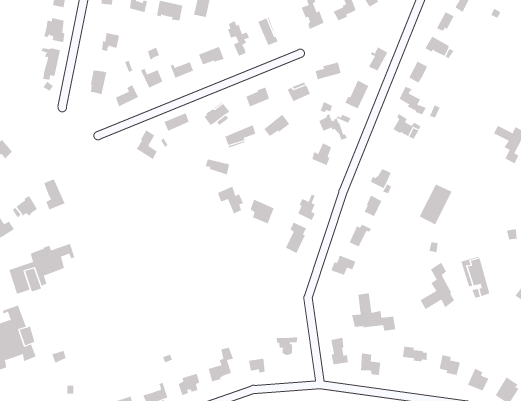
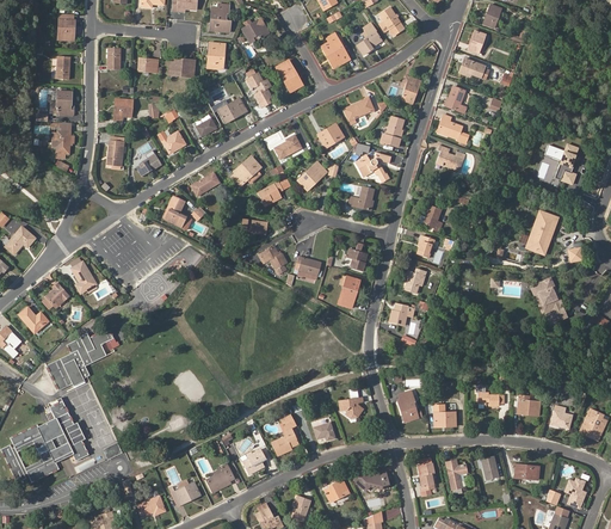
building: [419,184,452,225] -> [523,211,555,256]
building: [420,262,455,310] -> none
building: [352,293,396,332] -> none

